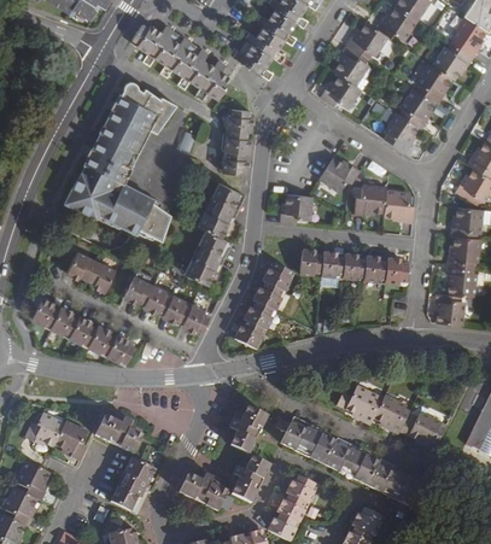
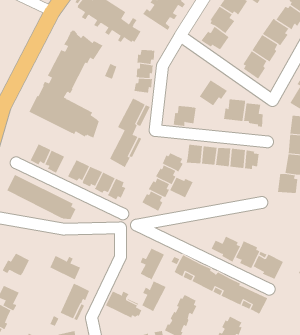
building: none -> [169,177,194,198]
building: [54,419,86,460] -> none

